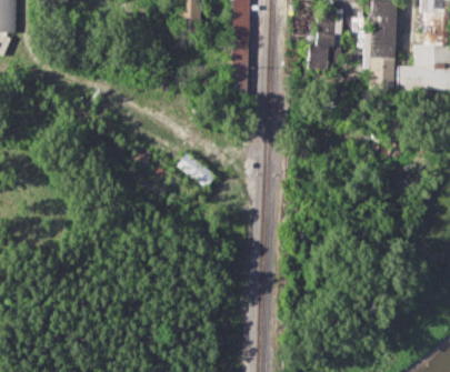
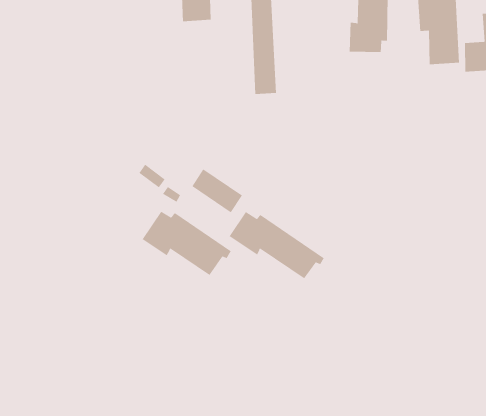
building: none -> [142,211,231,276]
building: none -> [229,211,324,279]

